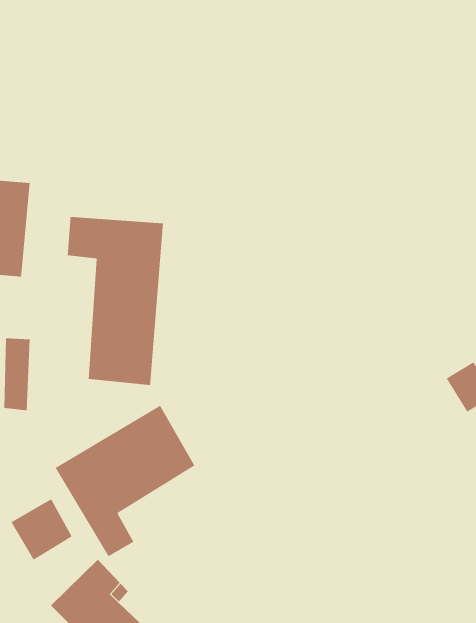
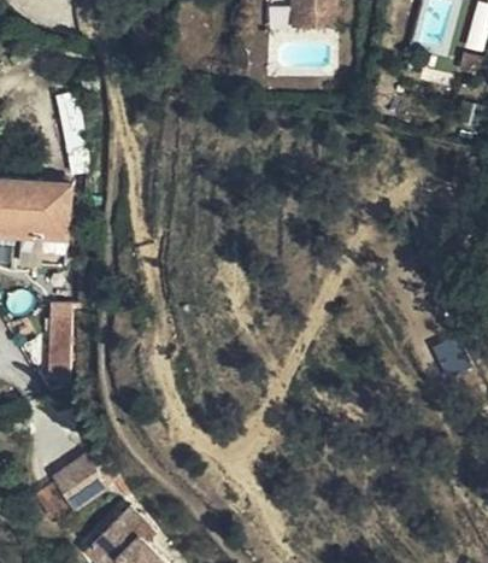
building: [67,216,164,386] -> none
building: [55,405,195,557] -> none

